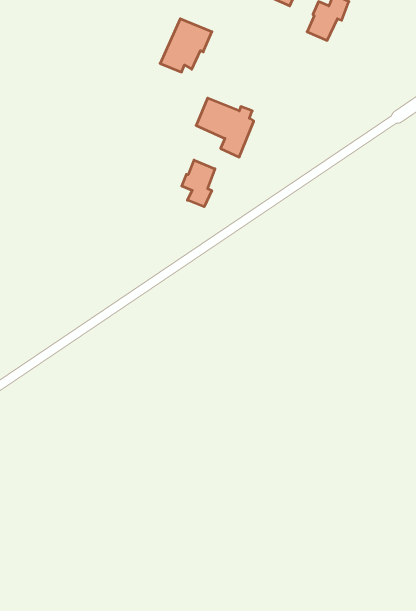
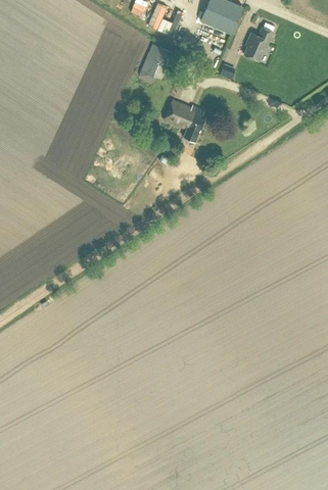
building: [182,160,215,207] -> none

